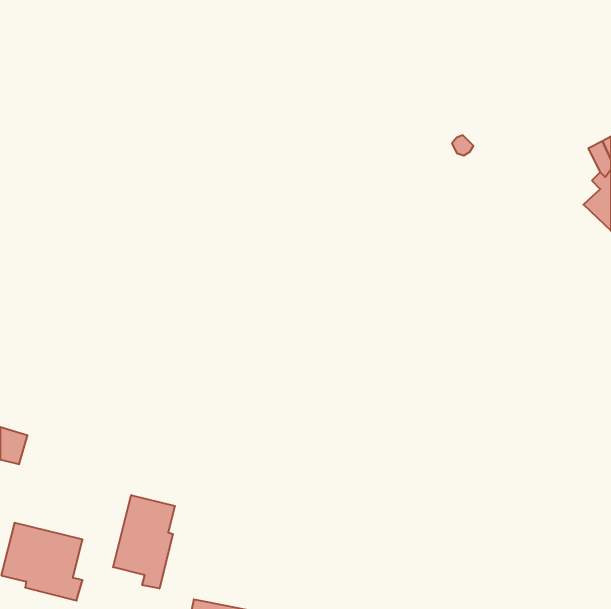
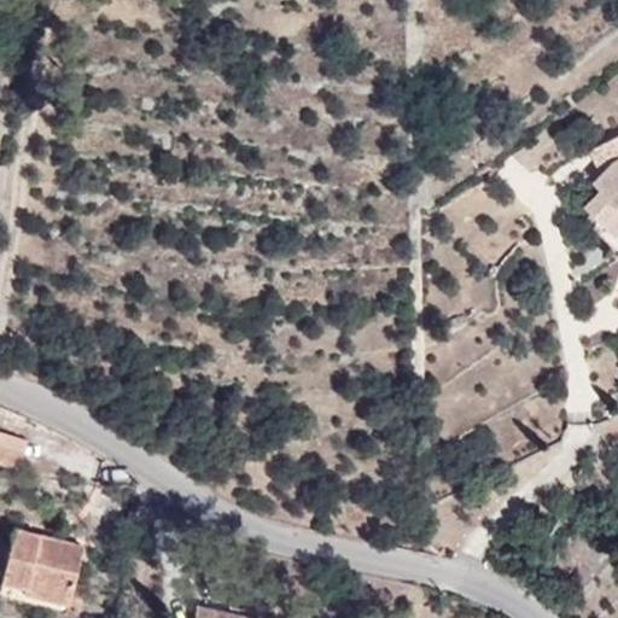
building: [113,495,175,589] -> none

